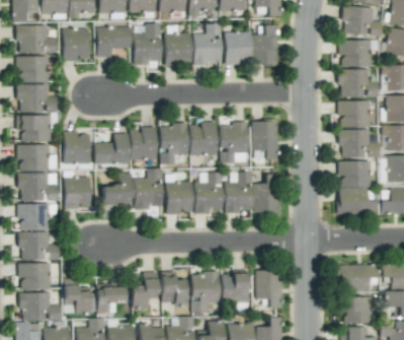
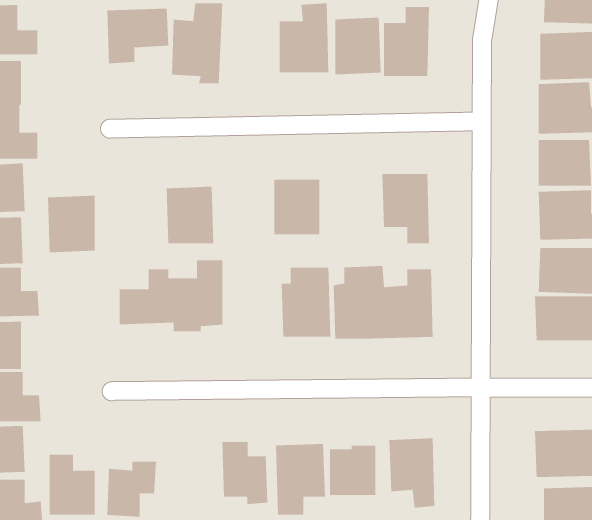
building: [62,27,90,60] -> none
building: [164,32,191,65] -> none
building: [220,123,248,163] -> none
building: [160,124,188,164] -> none
building: [95,133,130,163] -> none
building: [64,177,91,208] -> none
building: [166,182,193,213] -> none
building: [132,271,158,307] -> none

